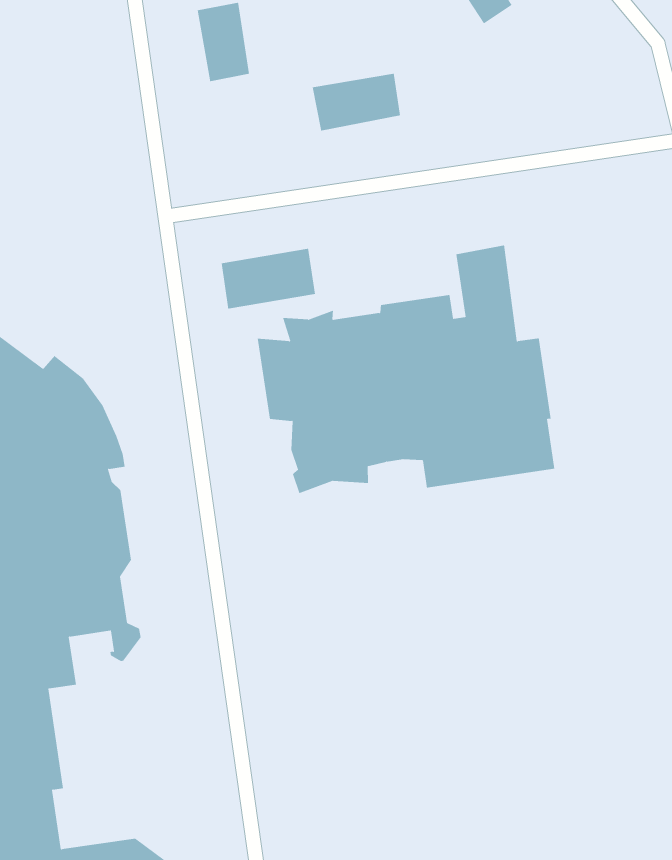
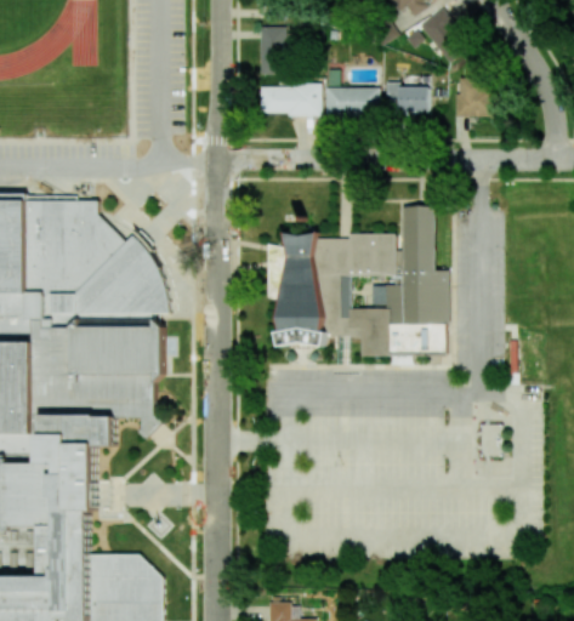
building: none -> [453,76,491,115]
building: none -> [386,81,428,110]
building: [221,248,316,309] -> [262,82,320,114]

